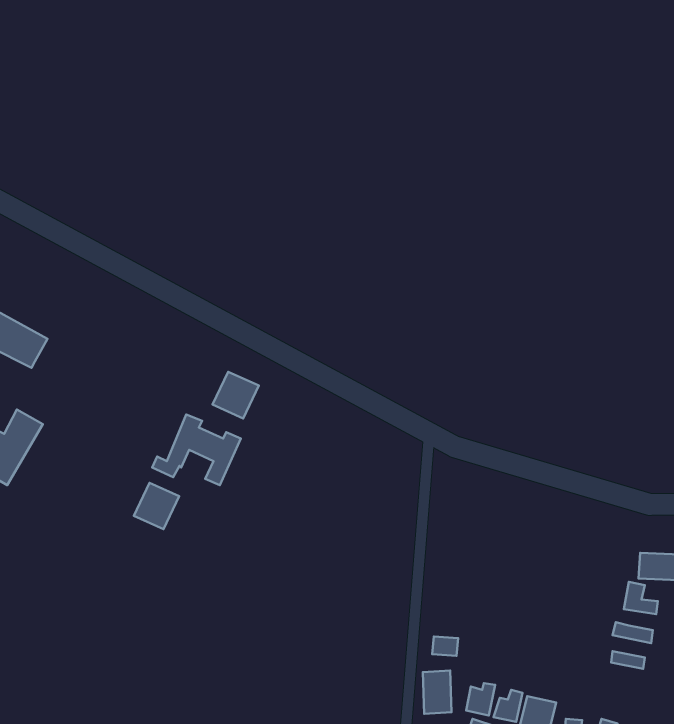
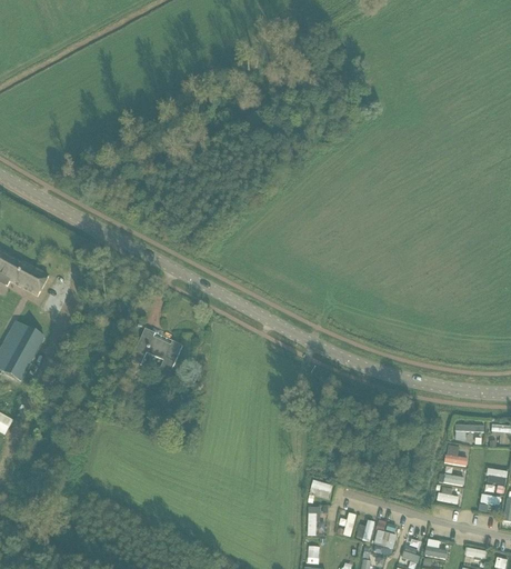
building: [212,372,259,418] -> none
building: [134,483,179,529] -> none

